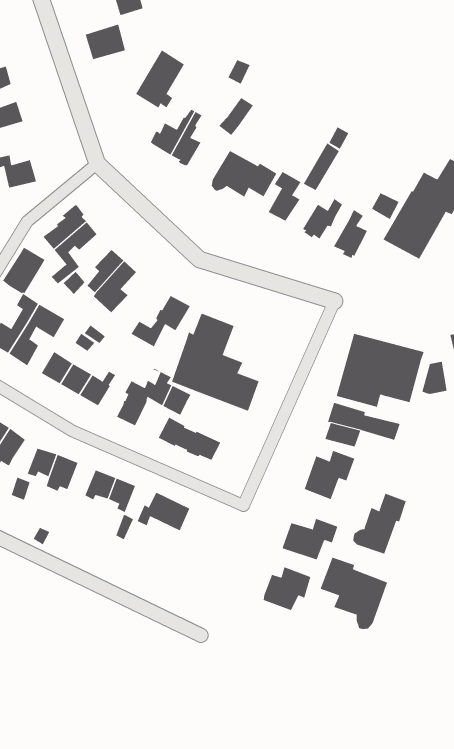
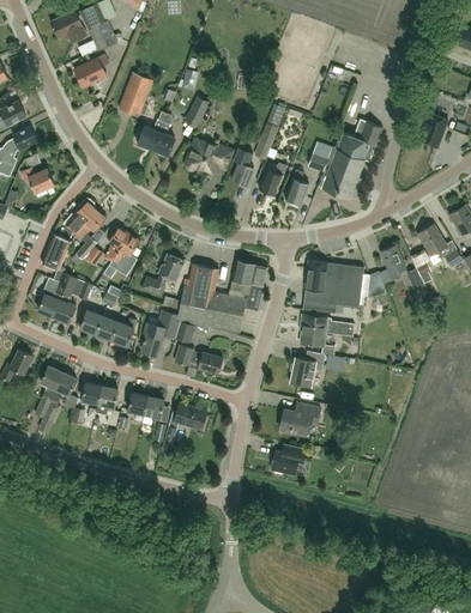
building: none -> [228,260,267,311]
building: [353,493,407,554] -> none
building: [320,557,388,630] -> none

